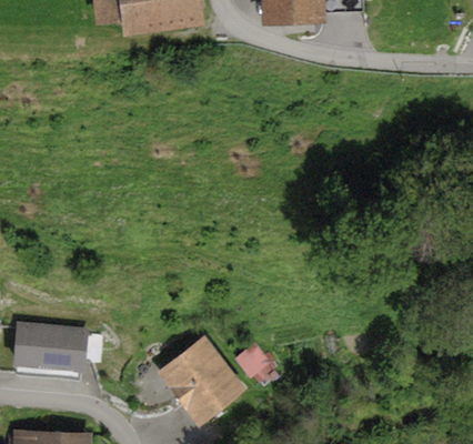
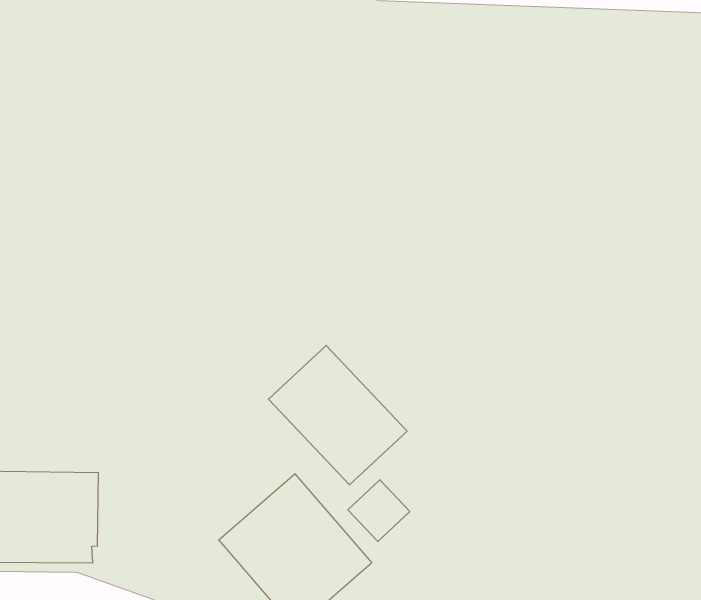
building: none -> [268,345,407,485]

